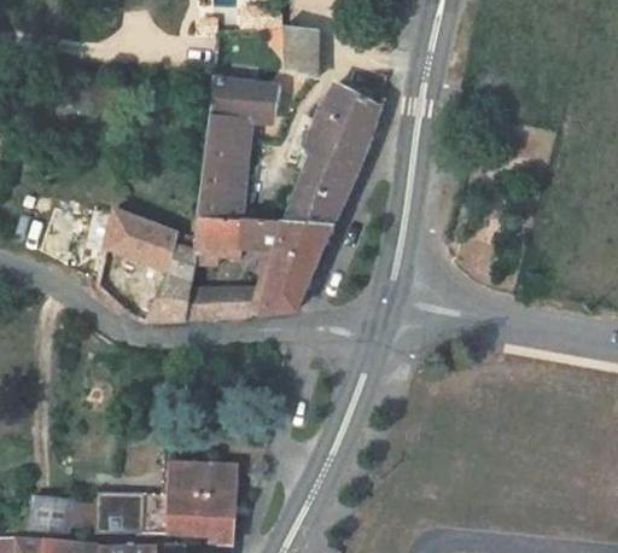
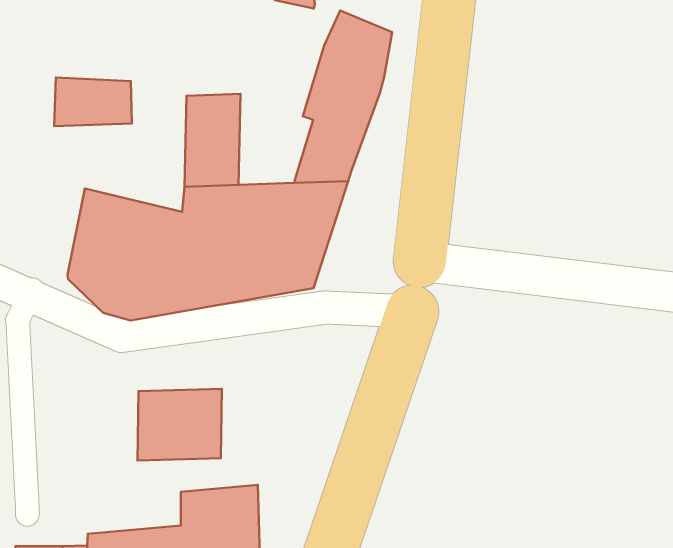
building: [209,76,275,120] -> [54,78,132,126]
building: none -> [138,389,222,460]

